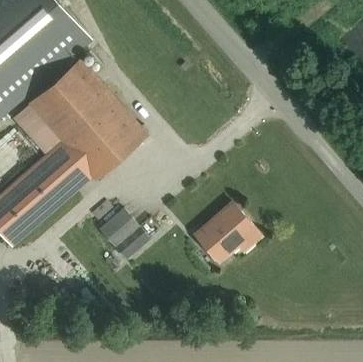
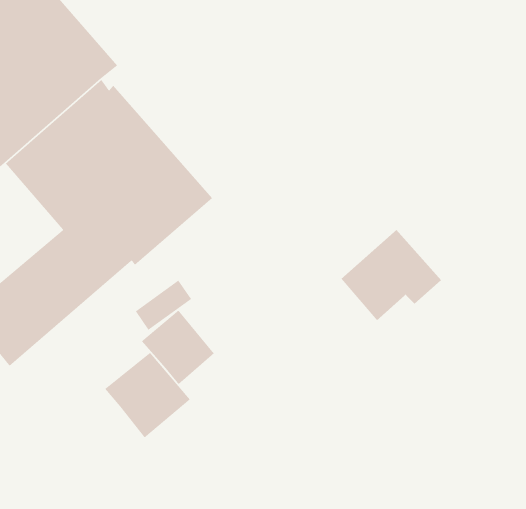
building: [195,202,262,263] -> [341,229,442,321]
building: none -> [104,352,191,438]

